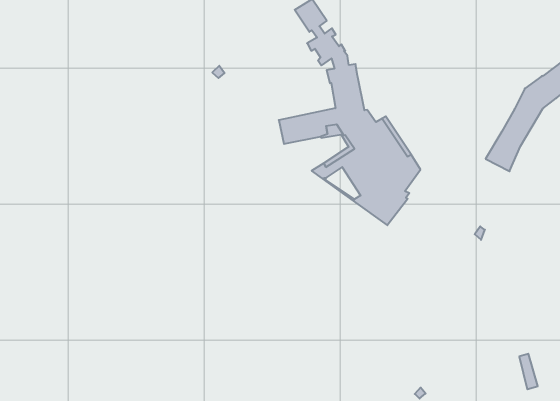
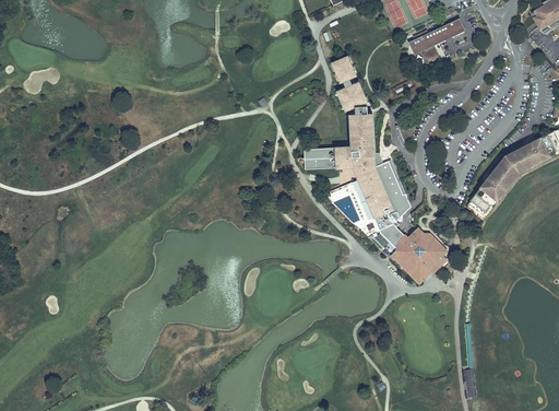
building: none -> [377,227,451,283]

